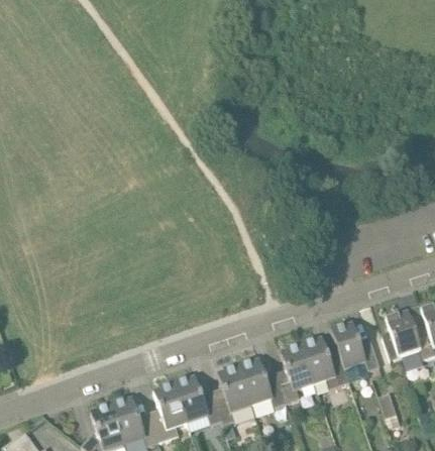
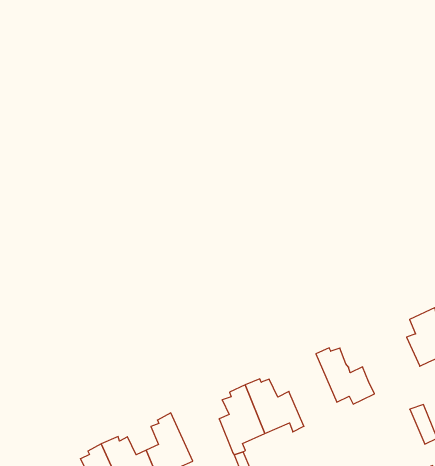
building: [331,323,379,381] -> none
building: [276,342,316,404] -> none
building: [172,376,222,425] -> none

